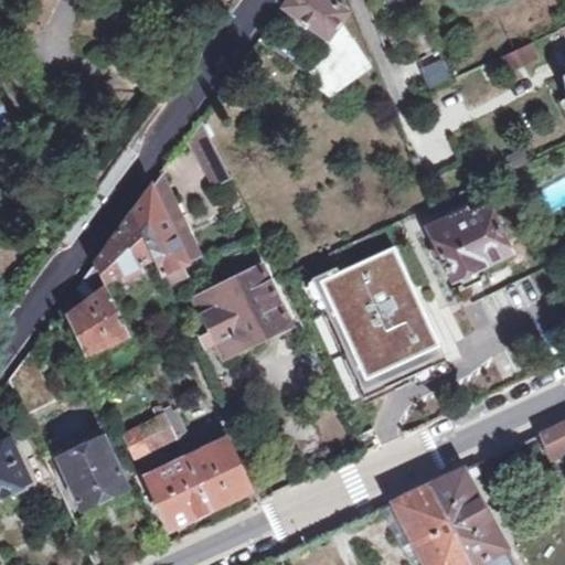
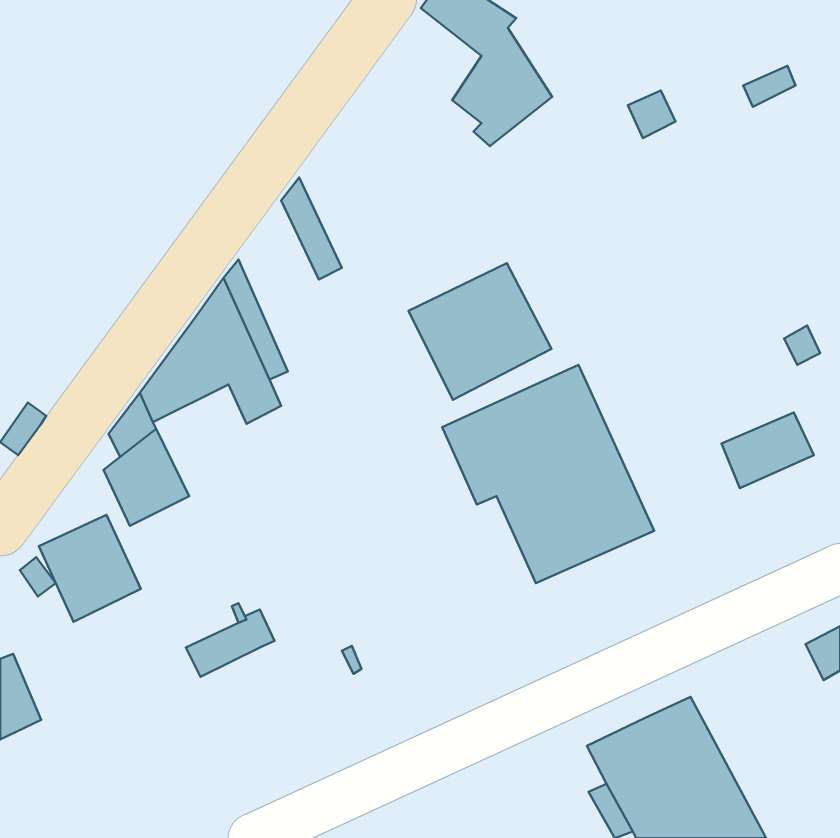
building: [427,205,509,288] -> none
building: [192,265,288,356] -> [408,263,551,400]
building: [57,437,126,509] -> [39,515,141,622]
building: [146,439,249,527] -> none

